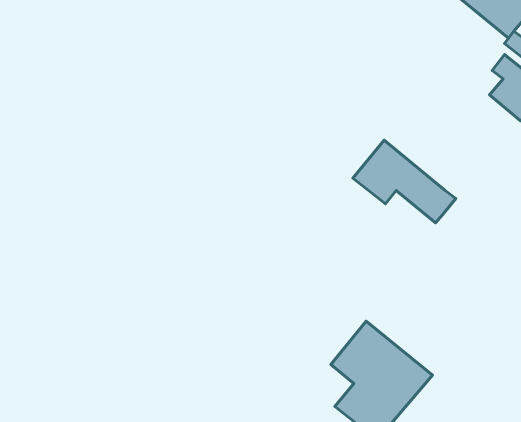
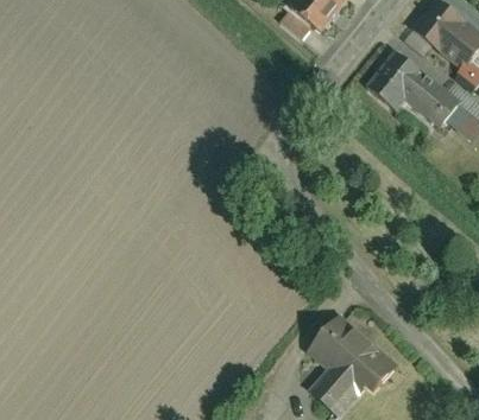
building: [353,140,456,223] -> [366,52,456,125]

